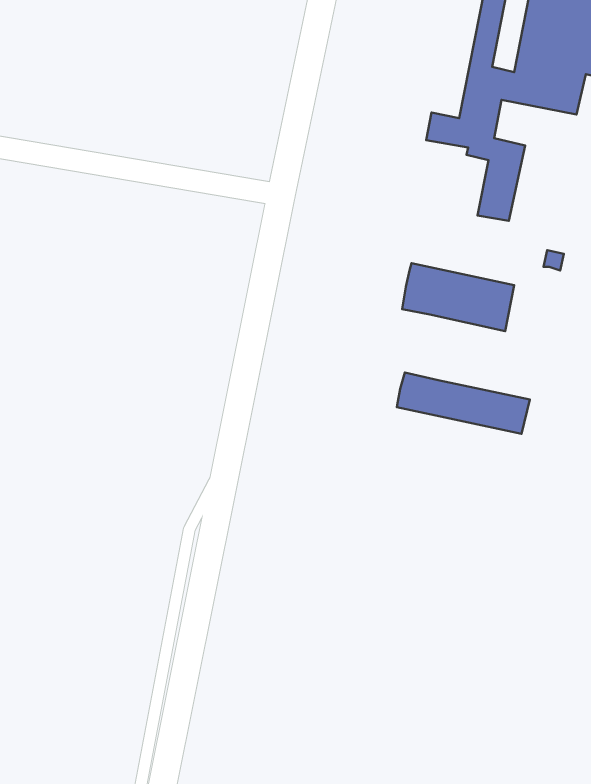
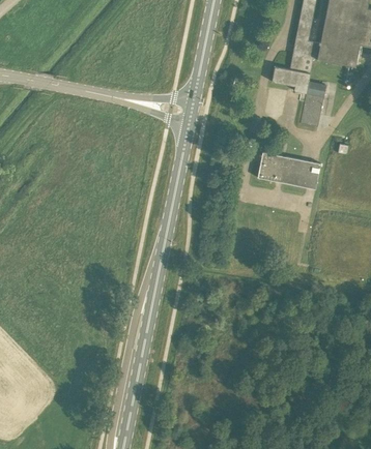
building: [397,373,530,434] -> none

